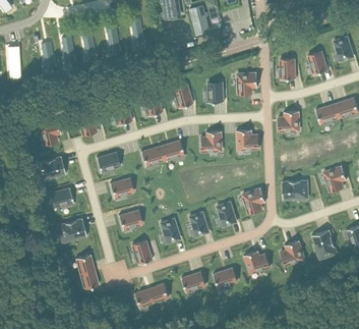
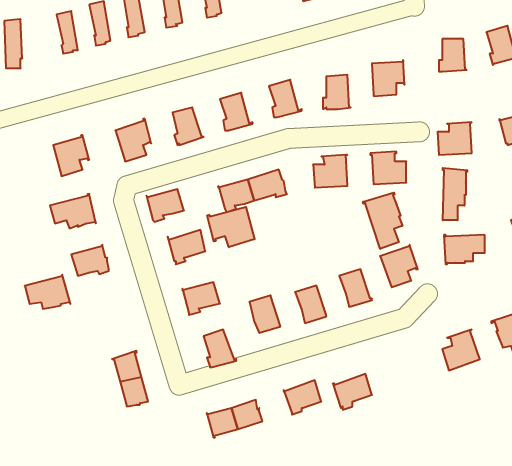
building: none -> [443,168,467,220]
building: none -> [363,193,402,249]
building: none -> [207,207,255,247]
building: [58,217,86,238] -> [25,275,70,309]
building: [243,250,270,273] -> none

